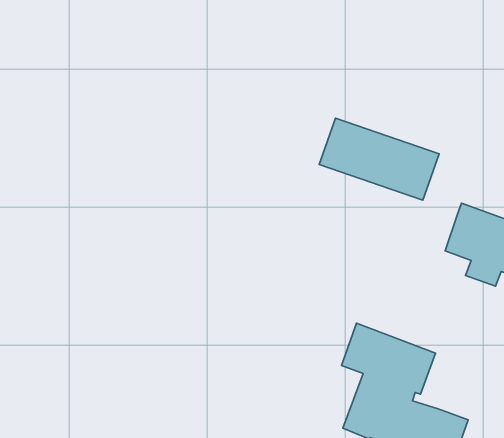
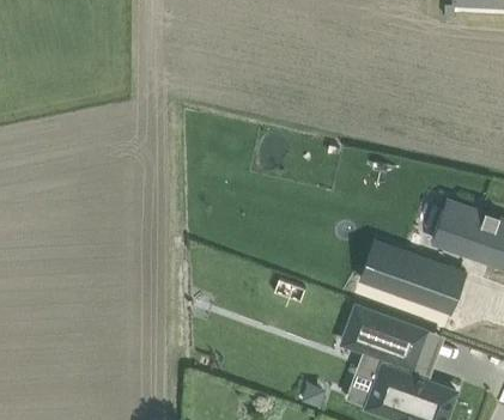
building: [319,118,439,200] -> [356,243,461,315]

